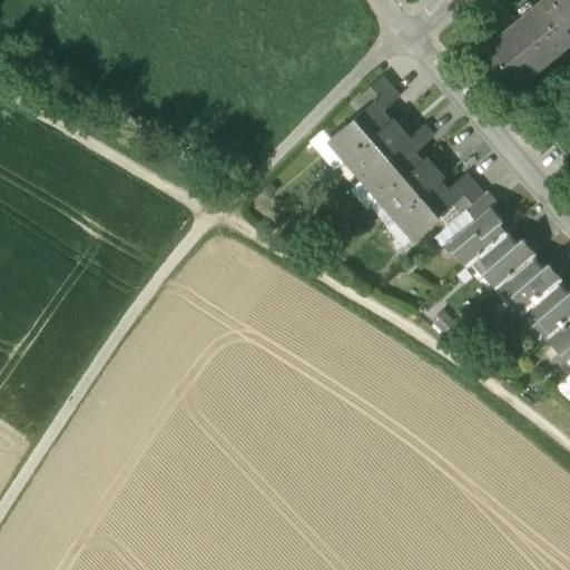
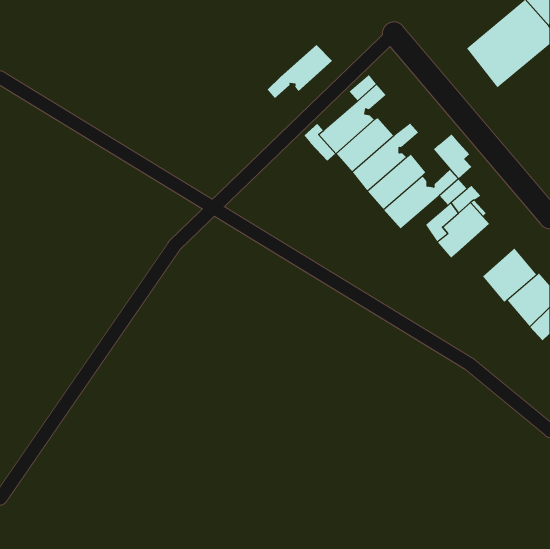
building: none -> [267,44,333,99]
building: none -> [433,133,472,179]
building: [473,232,530,288] -> none

